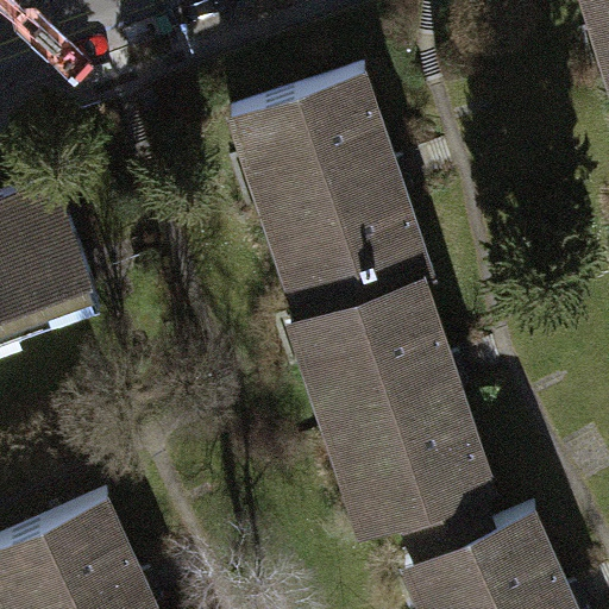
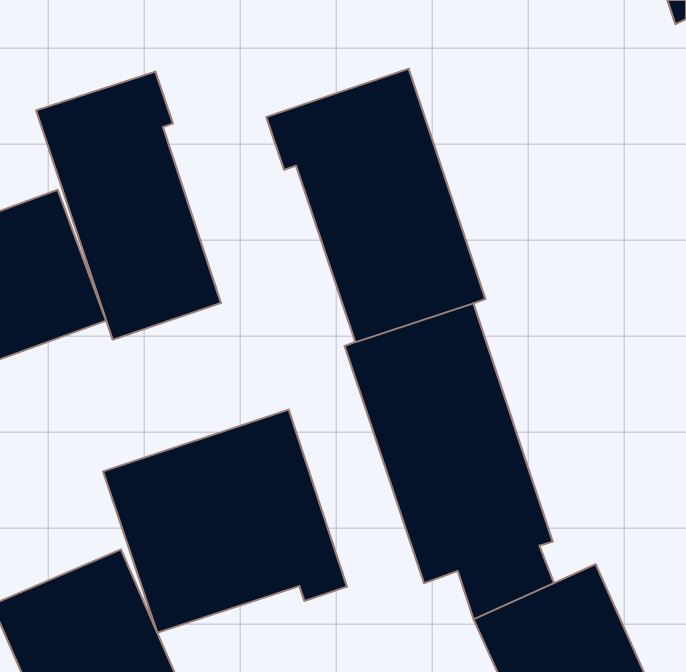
building: none -> [36,71,221,340]
building: none -> [103,409,347,633]

